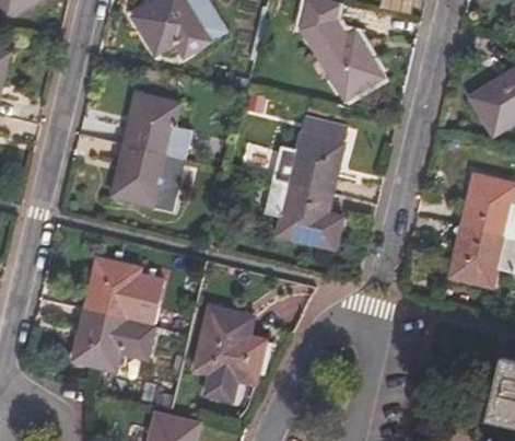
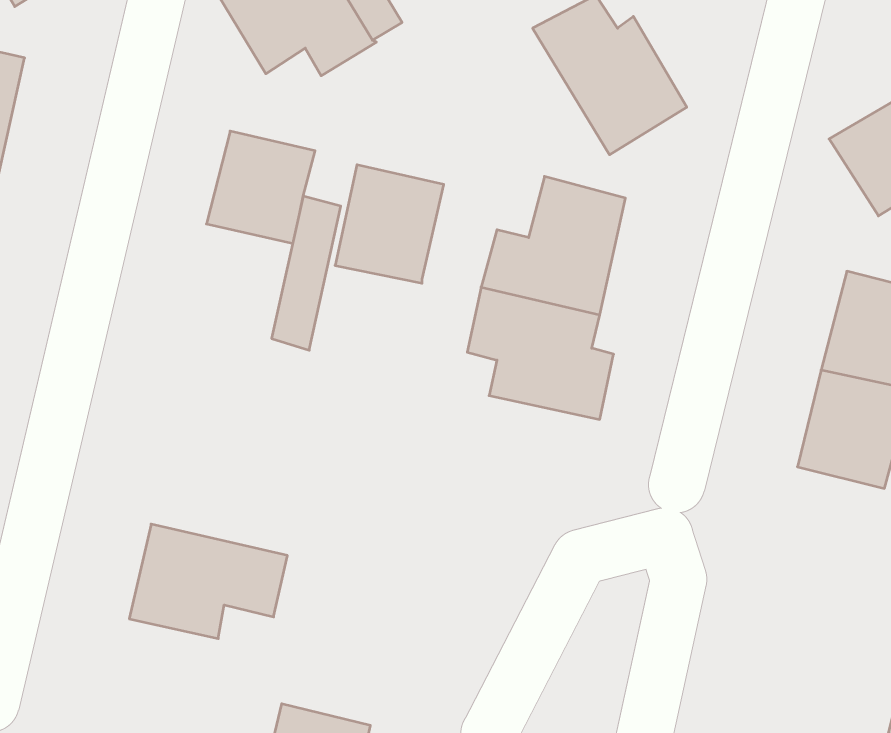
building: [105,142,165,208] -> [335,165,444,283]
building: [86,253,172,326] -> none
building: [188,302,272,406] -> none

